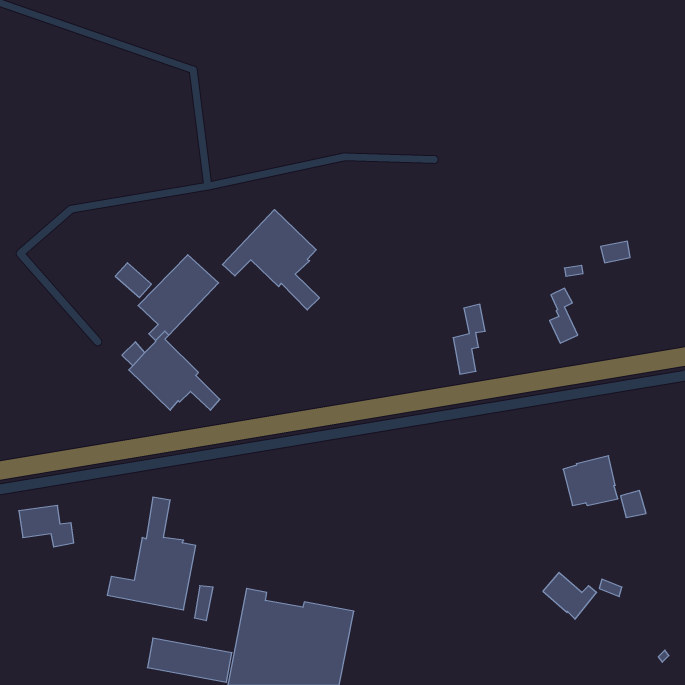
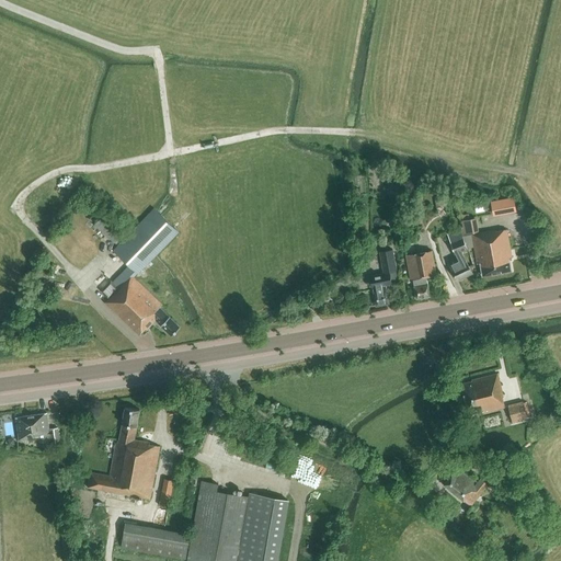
building: [222,210,319,310] -> none
building: none -> [471,229,512,276]
building: none -> [405,250,436,299]

